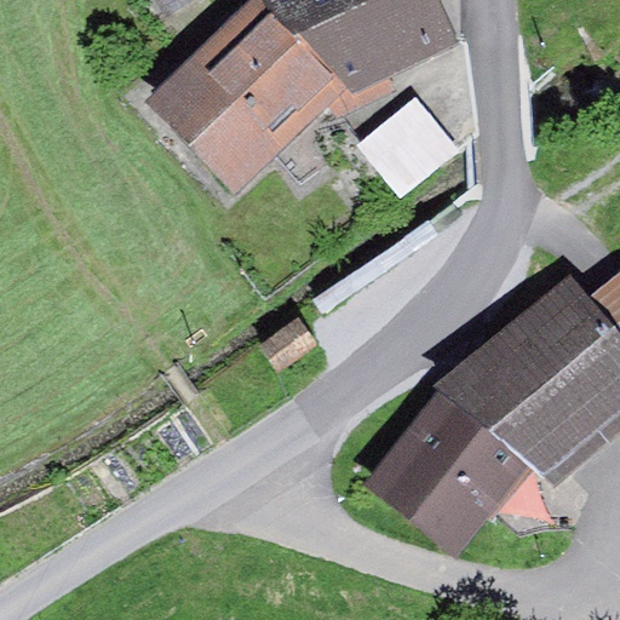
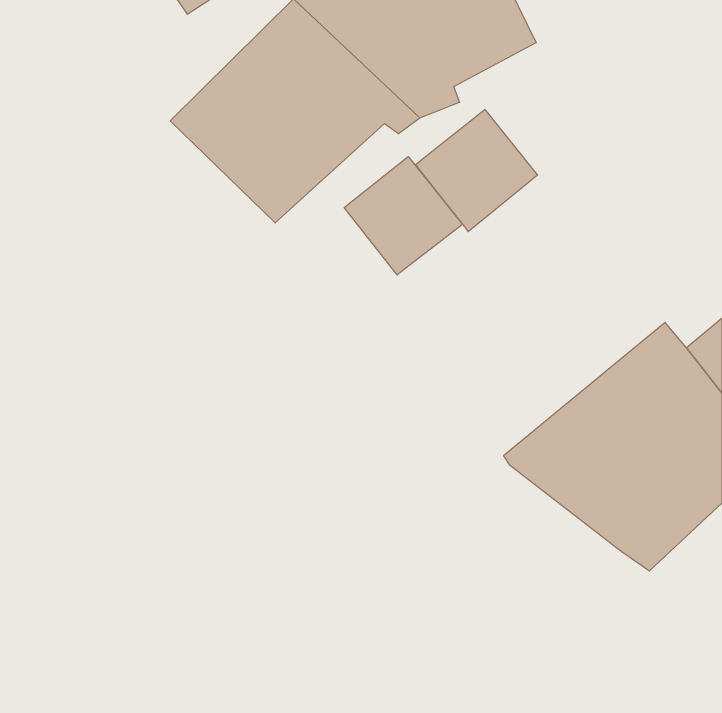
building: none -> [344,157,463,275]
building: [366,396,530,558] -> none

